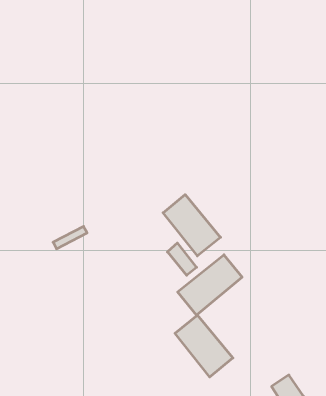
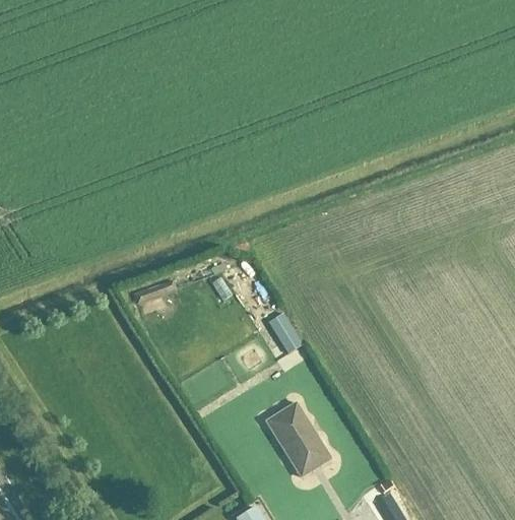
building: [163,195,221,256] -> none
building: [178,255,242,315] -> none

